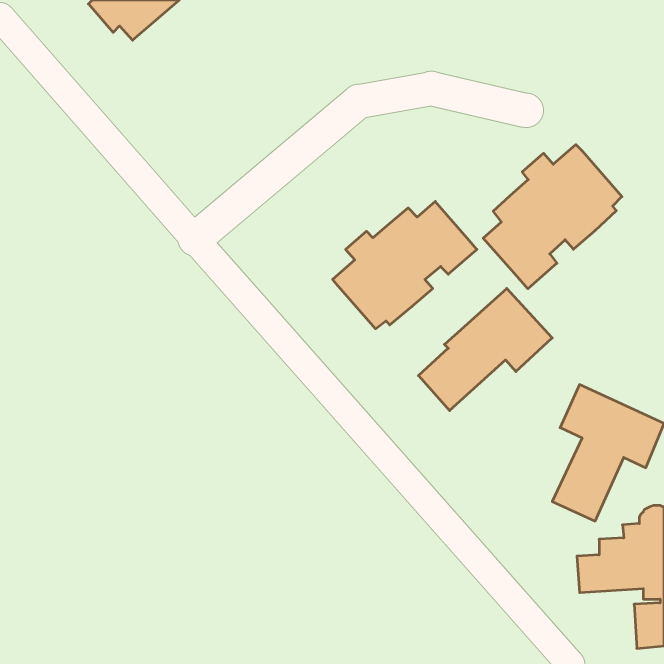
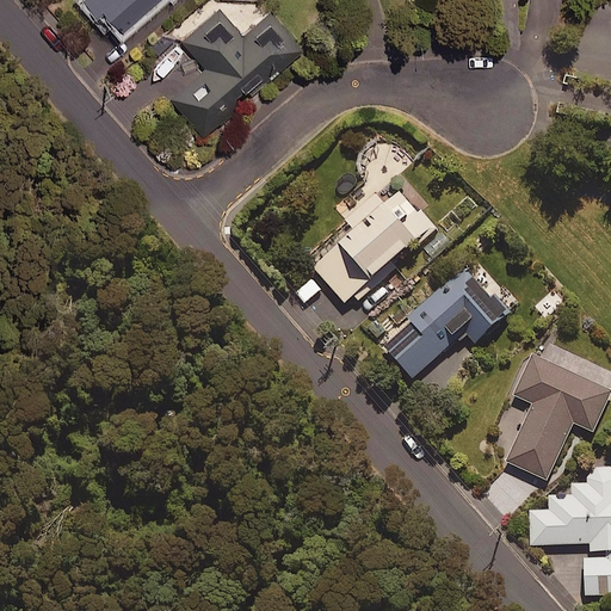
building: none -> [148,11,301,135]
building: [483,145,622,289] -> none

